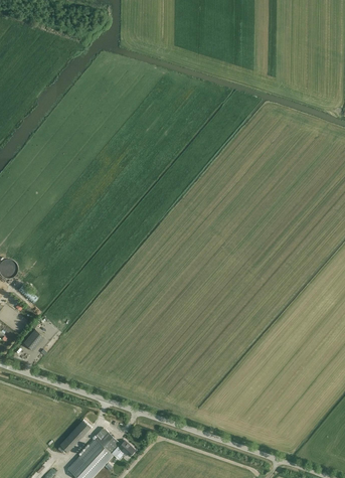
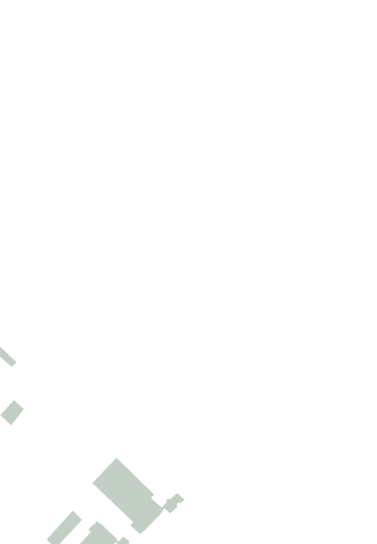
building: none -> [91,457,186,535]

